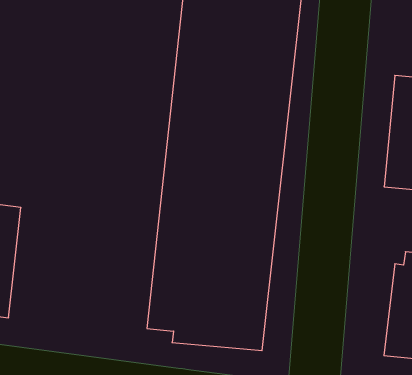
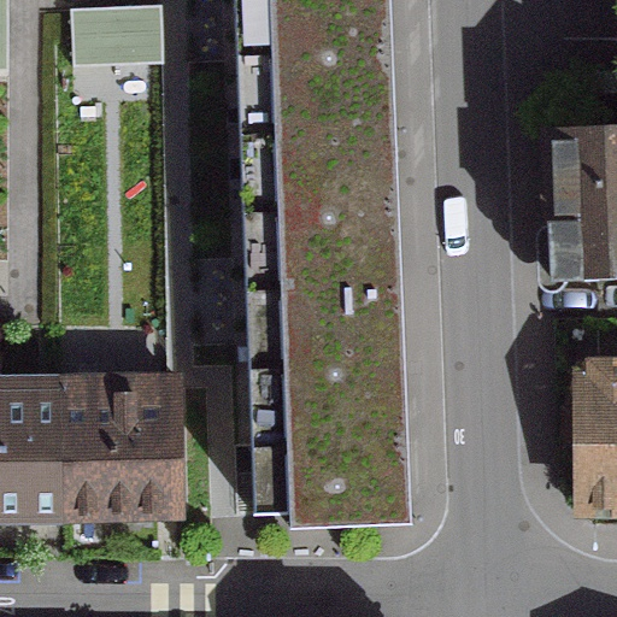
building: none -> [64,371,186,522]

